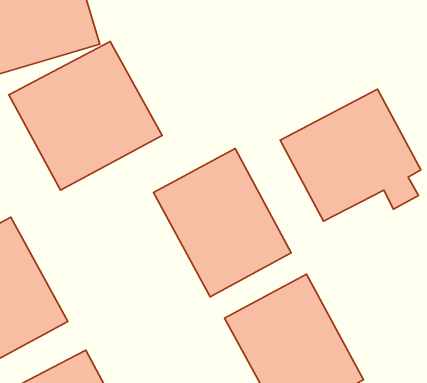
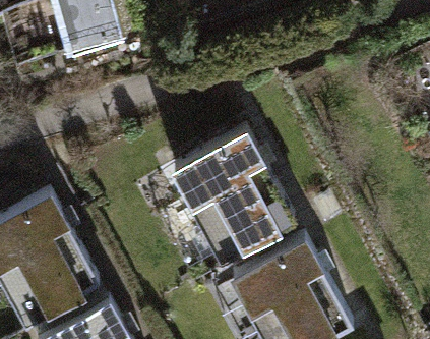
building: [9,41,162,190] -> none
building: [280,89,421,221] -> none

